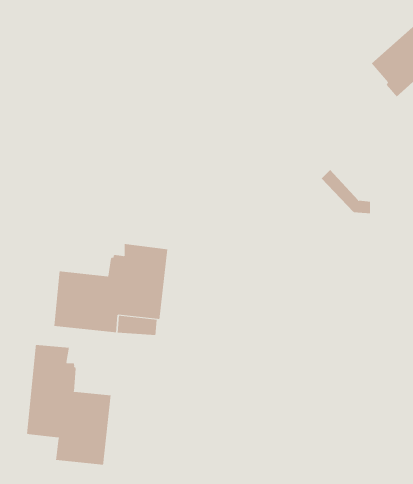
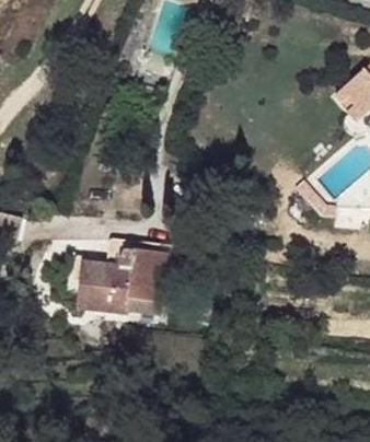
building: [27,344,111,465] -> none

